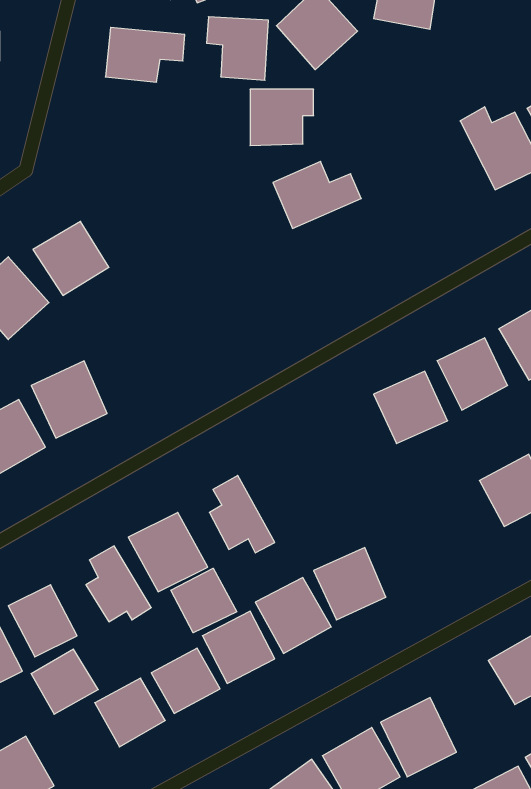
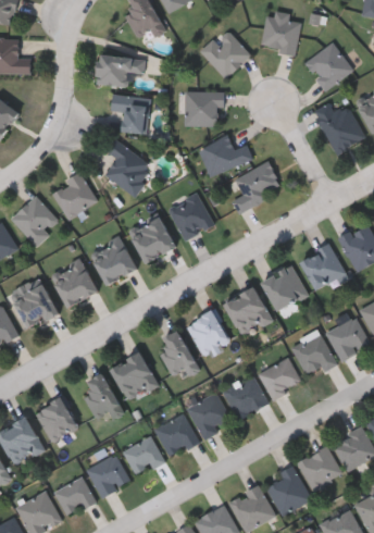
building: none -> [303,42,352,91]
building: [207,17,268,80] -> [111,95,149,134]
building: none -> [103,140,153,196]
building: none -> [232,162,280,211]
building: none -> [167,194,213,240]
building: none -> [127,215,174,262]
building: none -> [88,237,136,285]
building: none -> [223,286,271,336]
building: none -> [186,310,227,354]
building: none -> [292,334,336,379]
building: none -> [258,357,302,400]
building: [171,568,237,633] -> none
building: [31,649,98,714] -> [55,476,97,517]
building: none -> [297,447,342,492]

